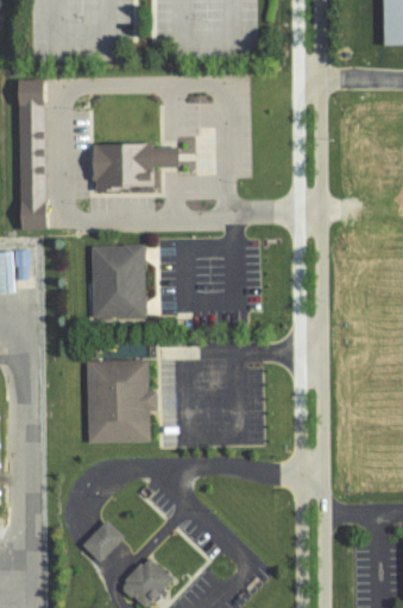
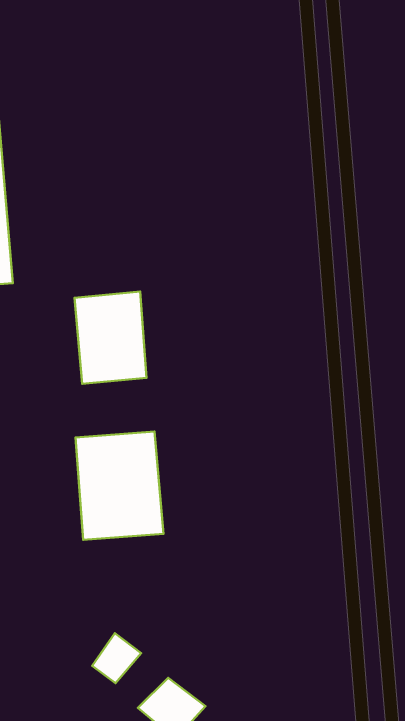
building: [90,142,174,191] -> none

